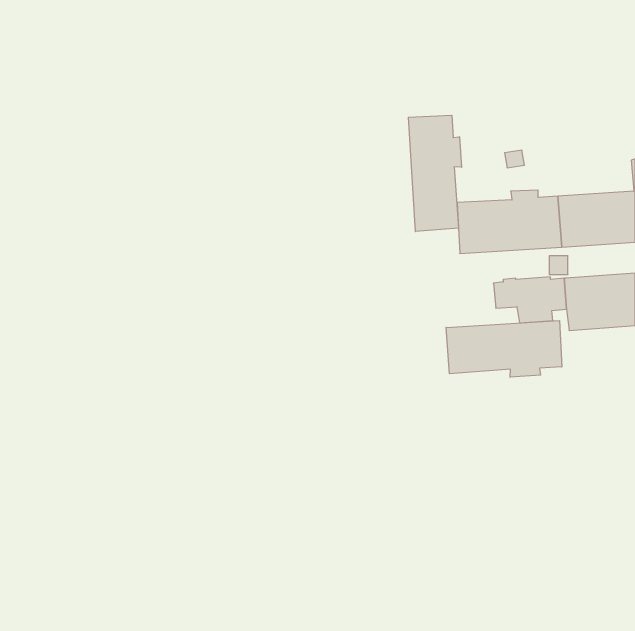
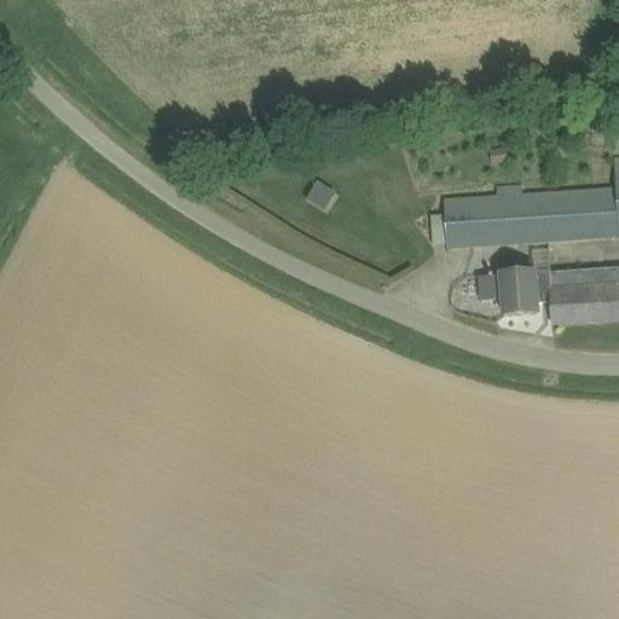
building: [408,115,462,232] -> none
building: [446,321,562,377] -> none

